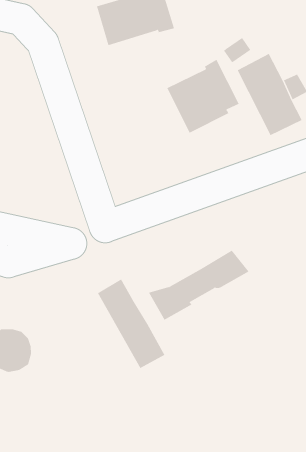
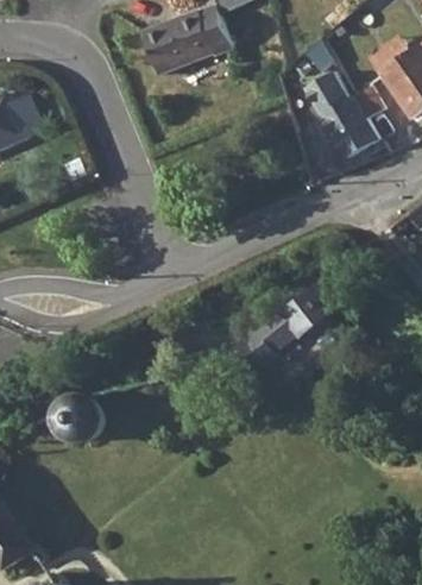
building: [166,59,240,133] -> none
building: [97,278,165,369] -> none

